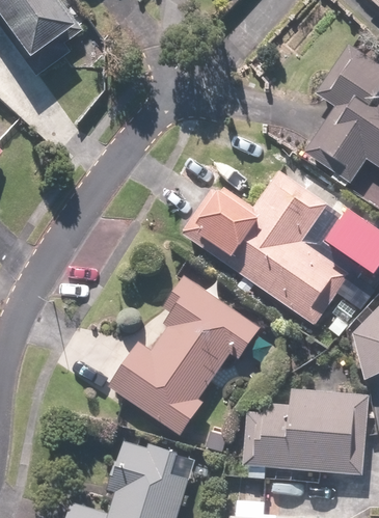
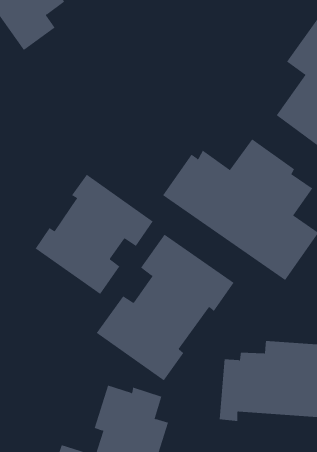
building: none -> [35,174,154,295]

